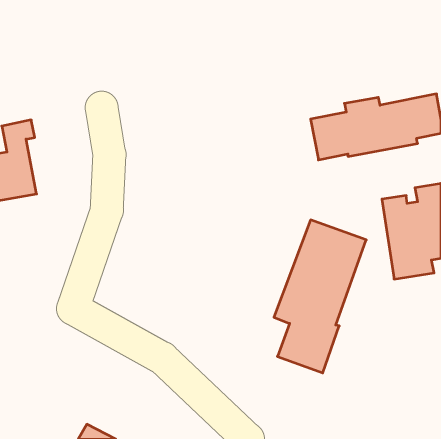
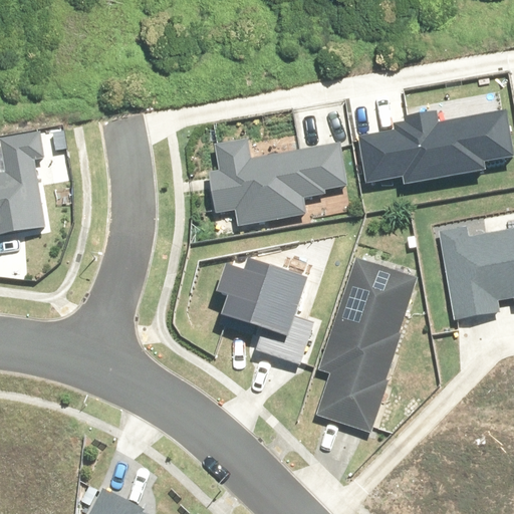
building: none -> [209,142,343,223]
building: none -> [221,264,311,362]

